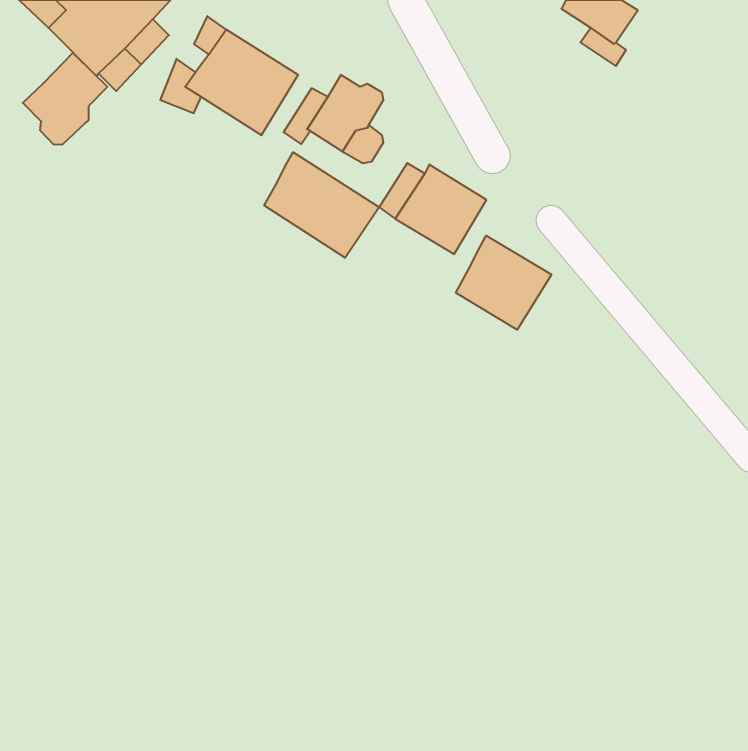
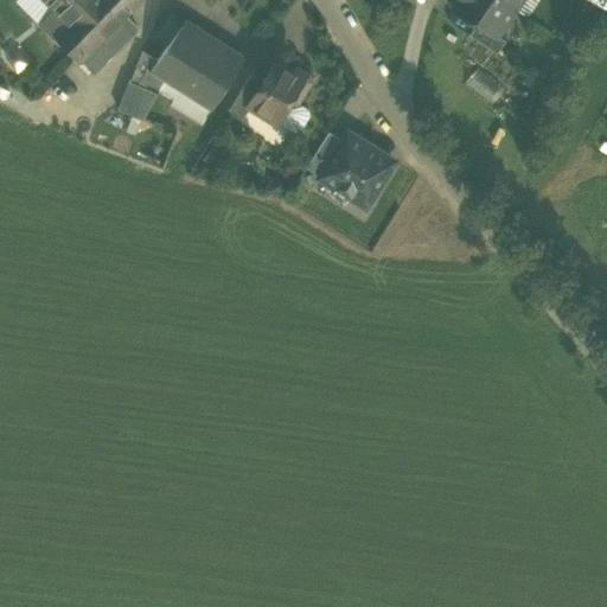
building: [23,53,107,145] -> none
building: none -> [122,81,159,116]
building: [264,152,379,258] -> none
building: [456,236,551,330] -> none

